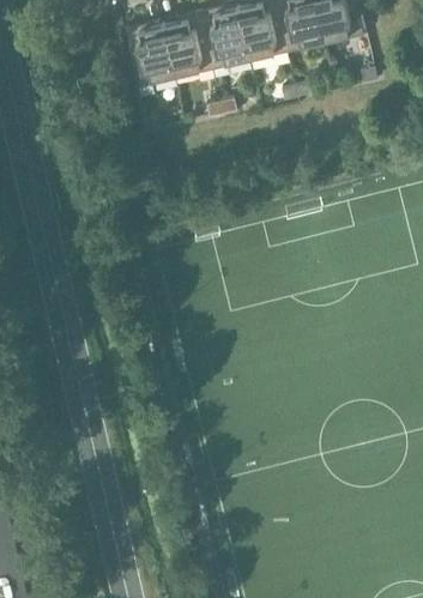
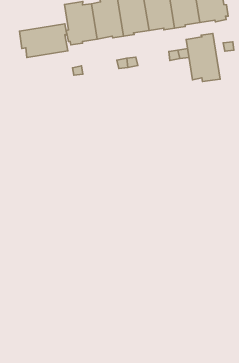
building: none -> [186,33,220,82]
building: none -> [19,24,68,58]

